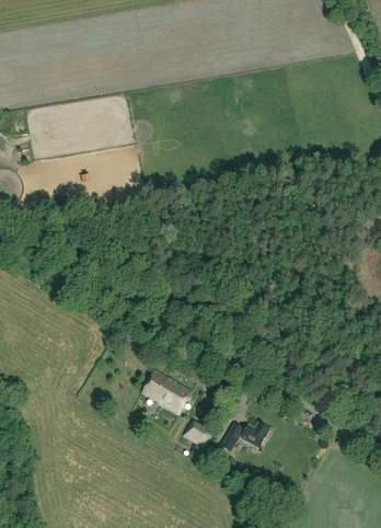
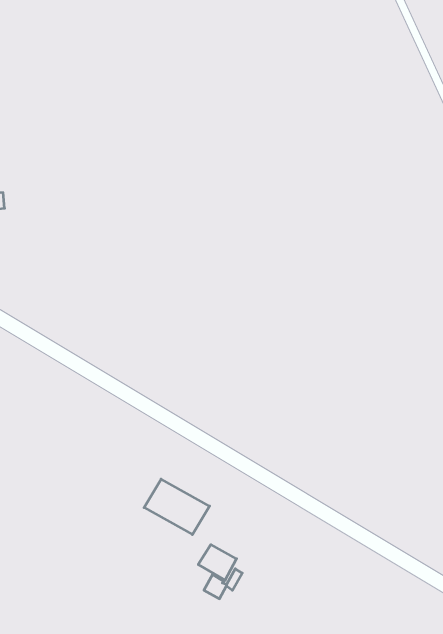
building: [221,423,269,451] -> none

